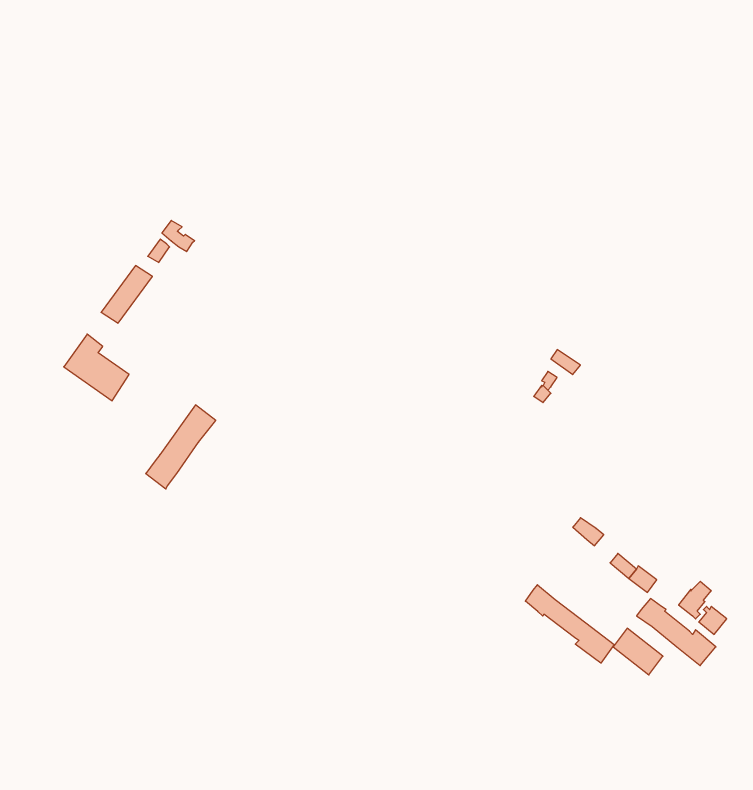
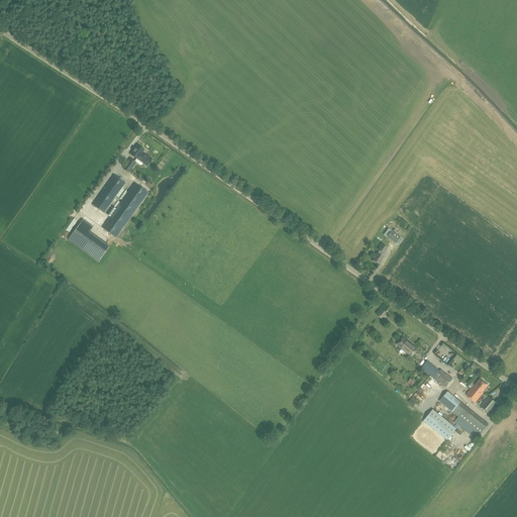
building: [146,405,216,489] -> [102,183,147,237]
building: [525,585,614,663] -> none

